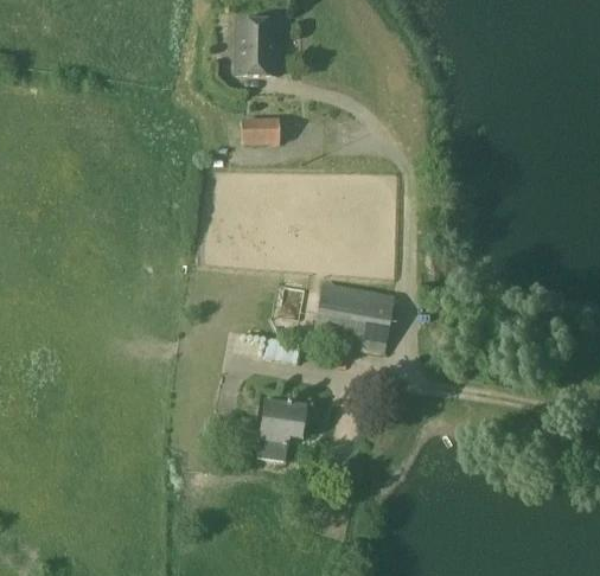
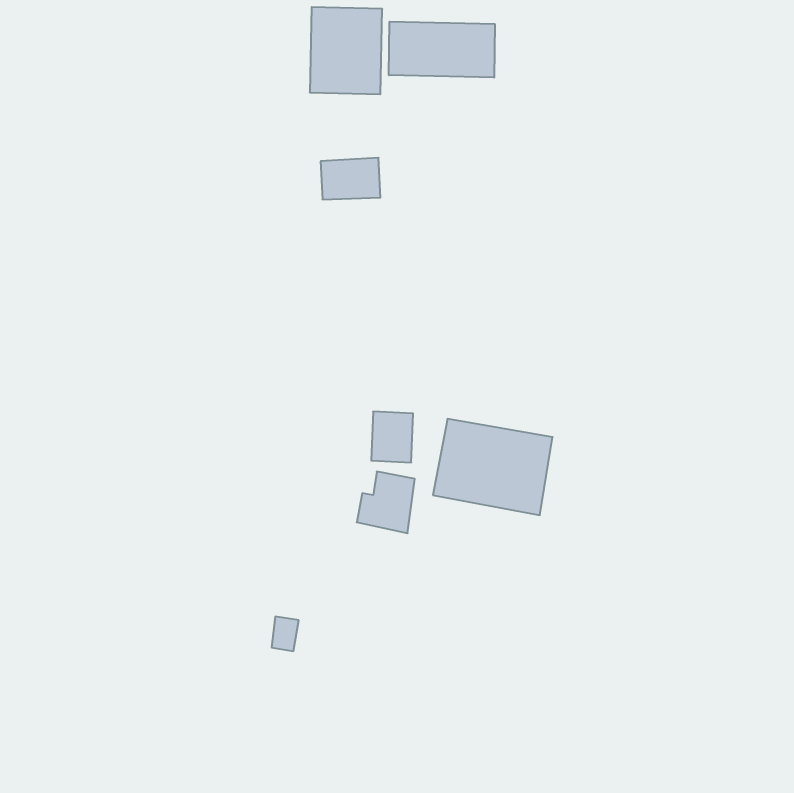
building: none -> [389,22,495,78]
building: [245,396,311,460] -> none

